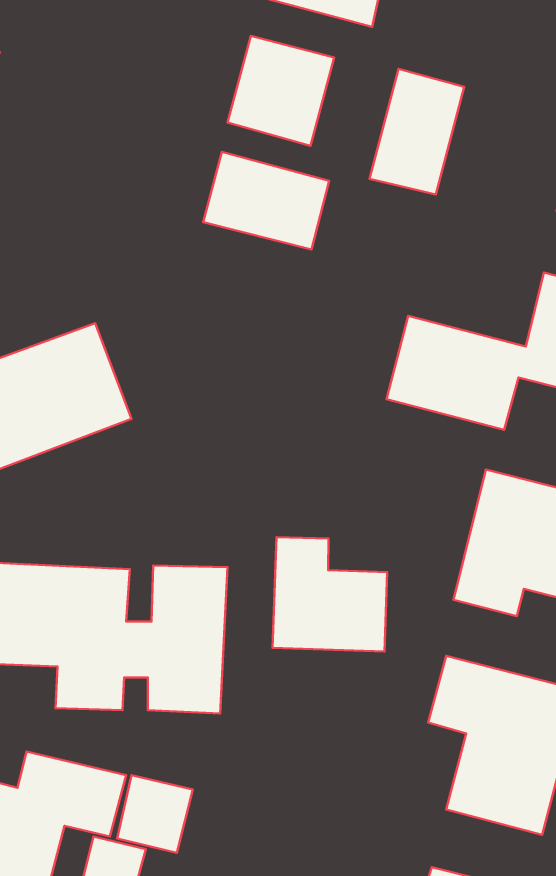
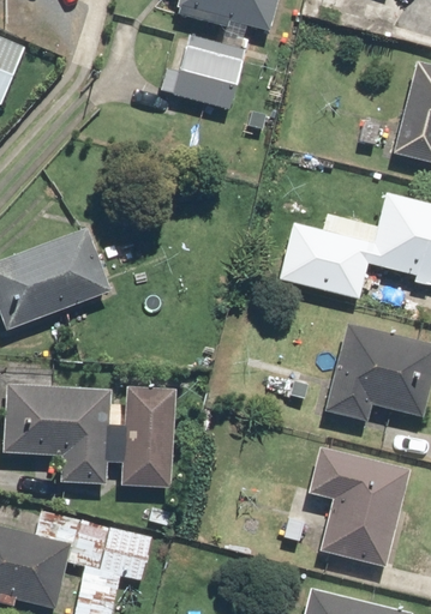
building: [369,69,464,195] -> none
building: [203,152,329,250] -> none
building: [272,537,387,651] -> none

